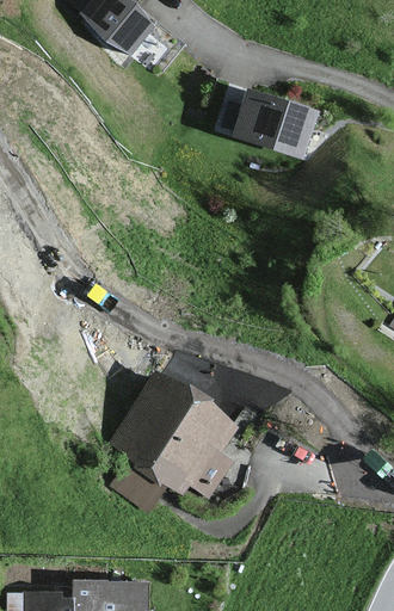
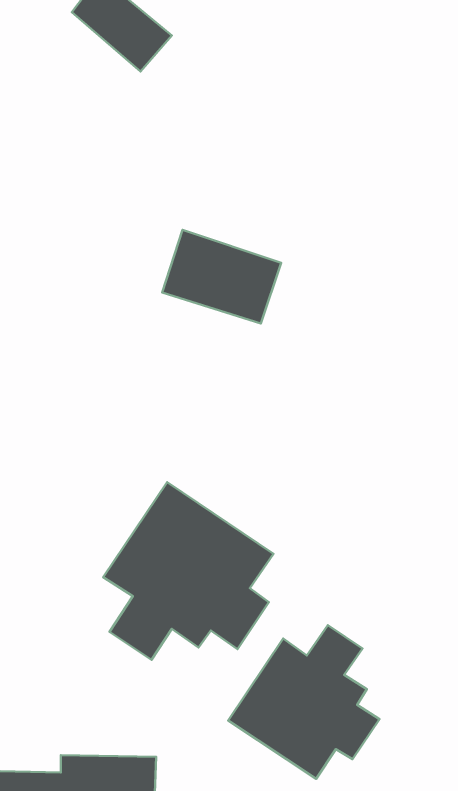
building: [234,88,325,160] -> [162,230,281,324]
building: none -> [228,625,380,779]

